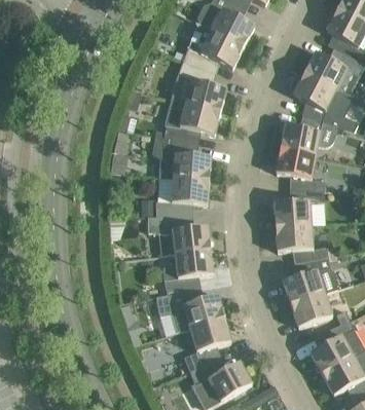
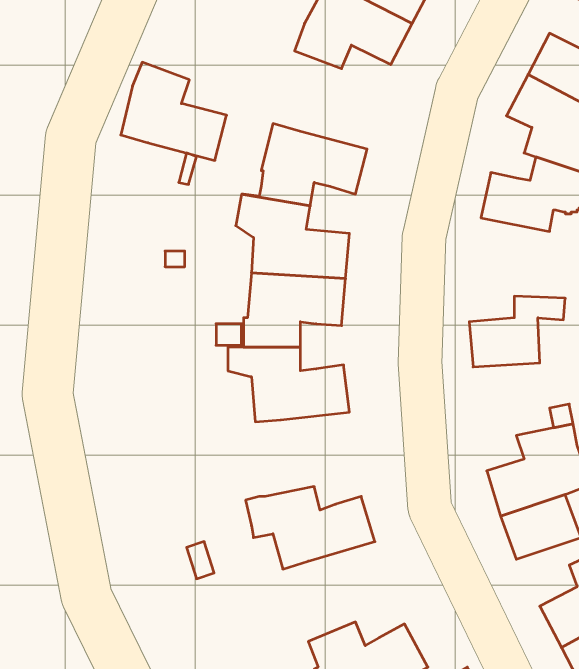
building: [171,62,226,113] -> [121,62,227,160]
building: [276,149,325,191] -> none
building: [276,225,313,252] -> none
building: [162,251,213,295] -> none
building: [183,319,230,371] -> none

